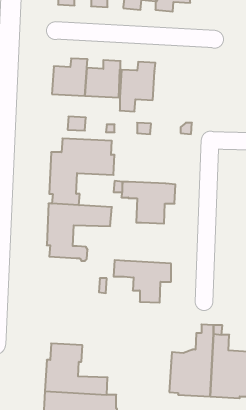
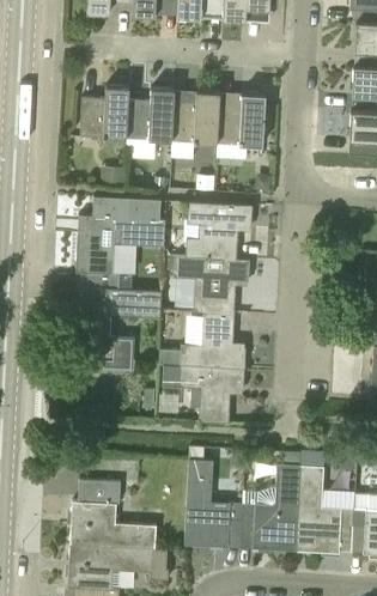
building: none -> [218,93,266,160]
building: none -> [186,202,251,259]
building: none -> [160,312,244,369]
building: none -> [184,460,243,547]

